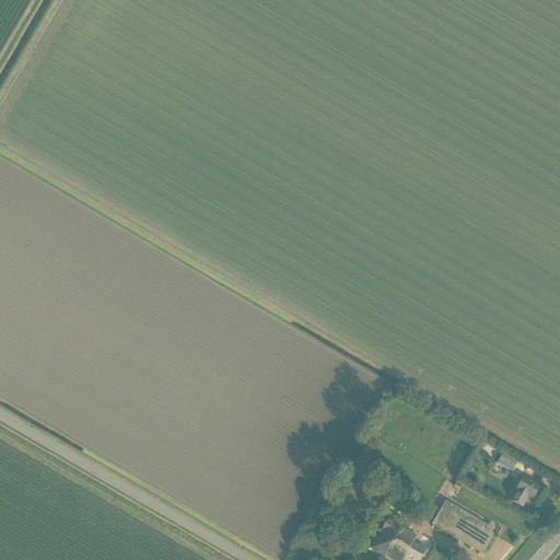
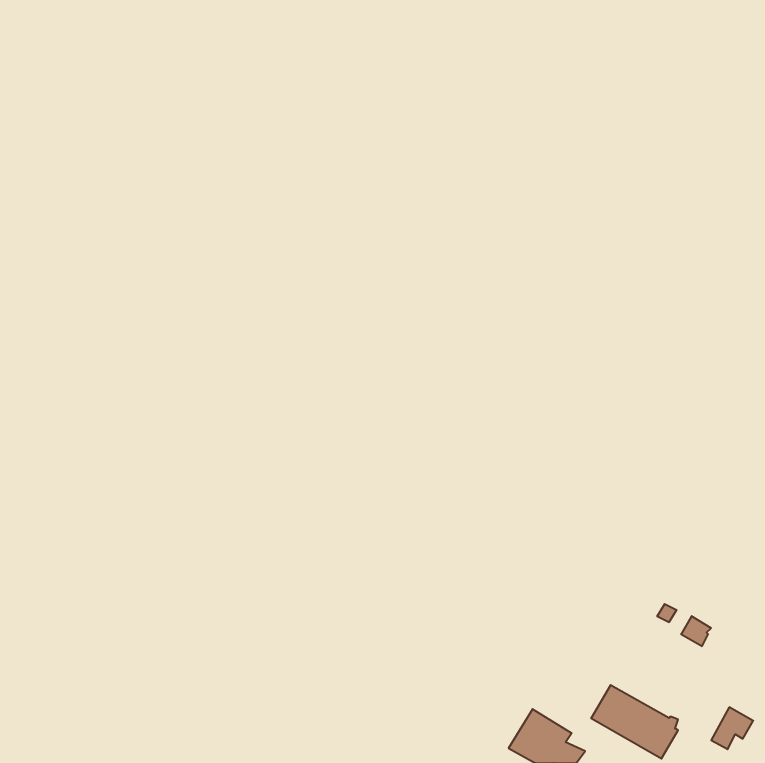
building: [510,476,540,506] -> [711,707,753,749]

